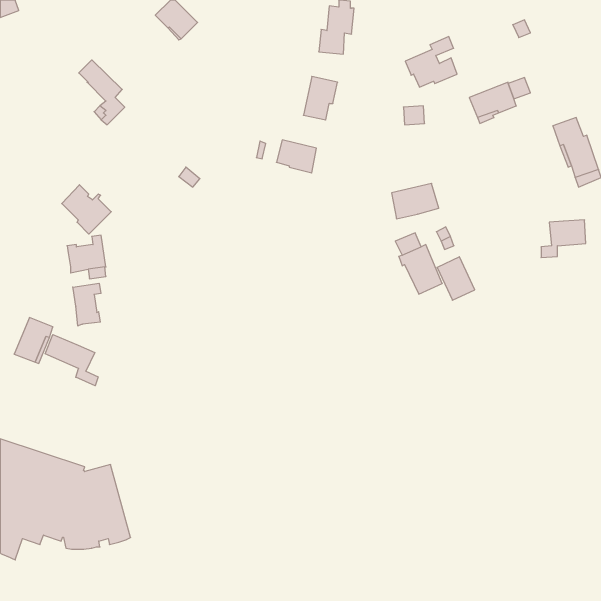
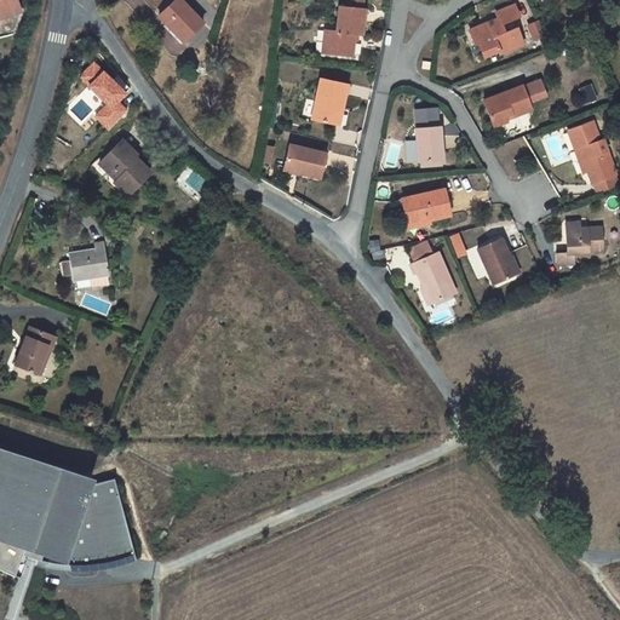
building: [405,37,457,87] -> [470,5,523,57]
building: none -> [415,127,443,161]
building: [62,185,111,234] -> [99,144,150,195]
building: [437,257,475,300] -> [478,239,517,283]
building: [73,283,101,326] -> none
building: [45,335,98,386] -> none

